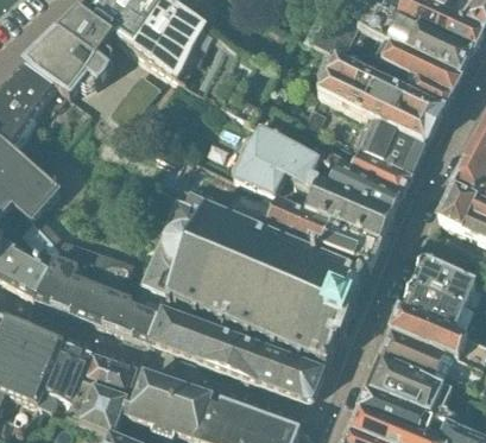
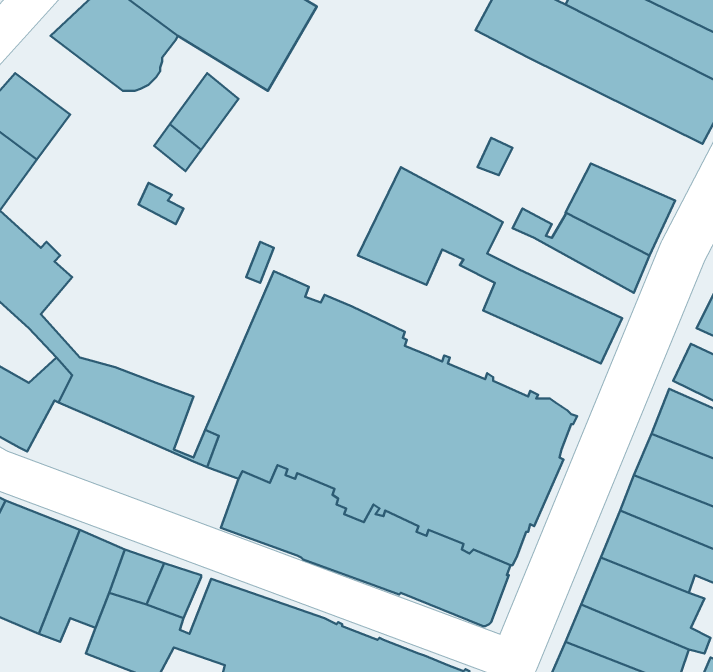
building: [24,40,89,96] -> none
building: [317,53,441,140] -> none
building: [329,163,399,211] -> none
building: [228,194,379,262] -> none
building: [31,261,159,338] -> none

